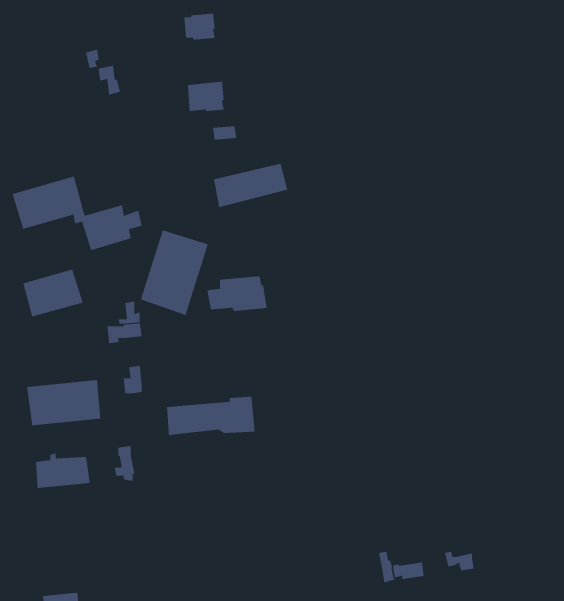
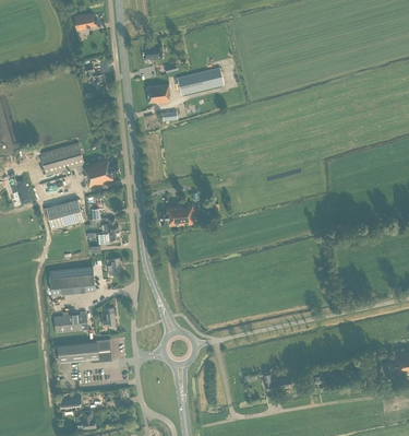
building: [213,163,288,208] -> [177,68,222,95]
building: [140,230,209,316] -> none
building: [166,396,256,435] -> [57,339,111,363]

